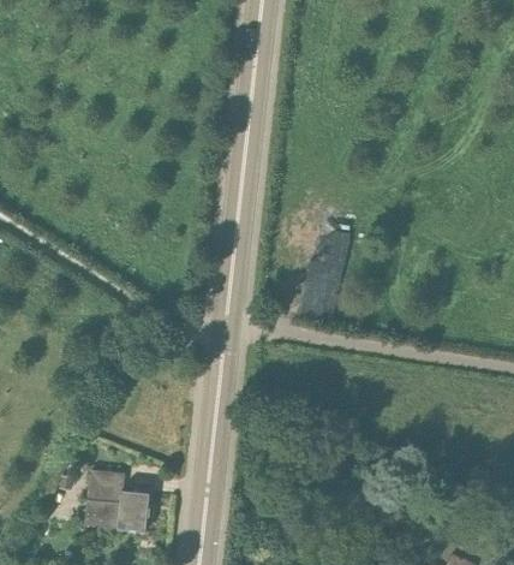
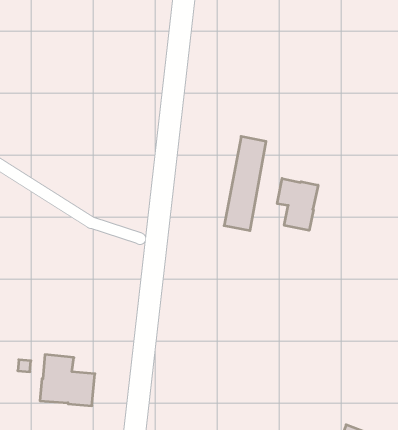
building: none -> [277,178,318,230]

